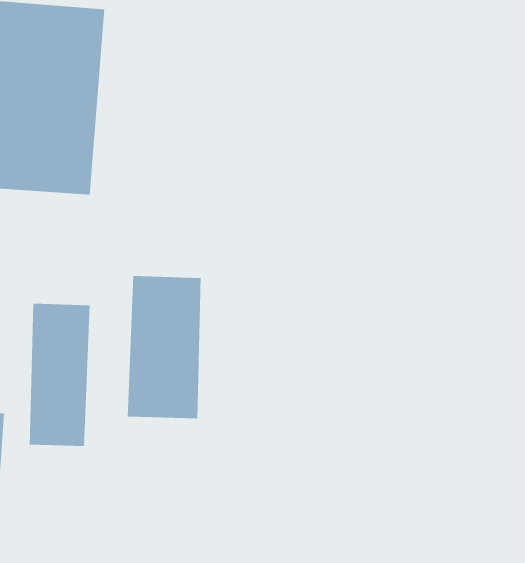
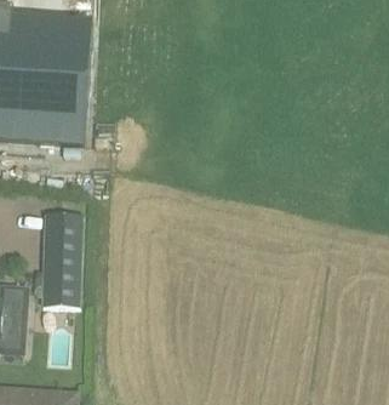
building: [127,275,201,419] -> none

